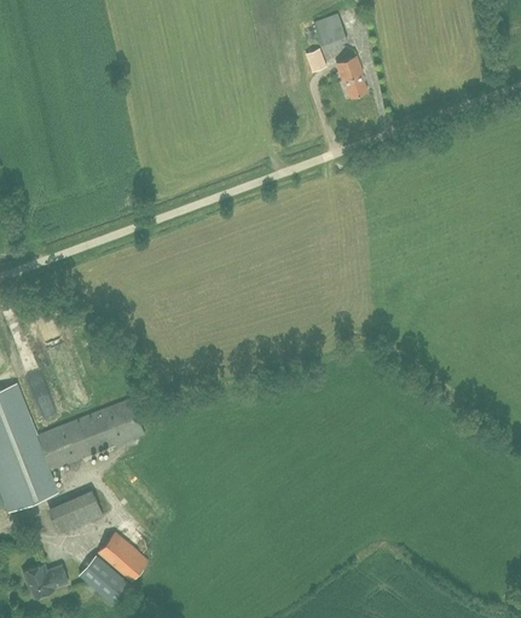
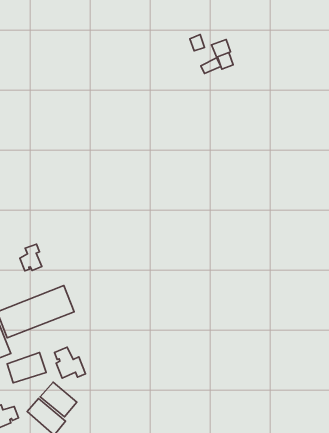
building: [313,13,346,50] -> none
building: none -> [20,244,42,271]
building: none -> [54,347,85,378]

